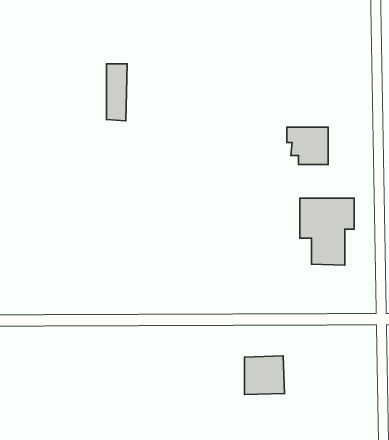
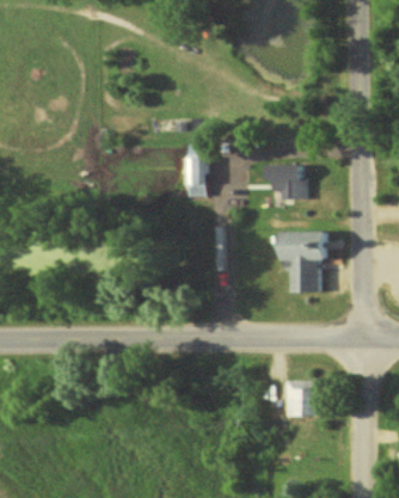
building: [107,64,127,121] -> [186,145,205,197]
building: [244,356,284,395] -> [284,380,321,416]

